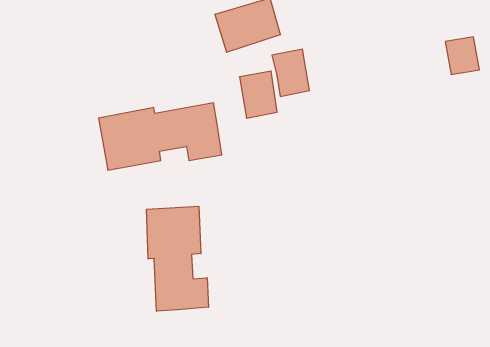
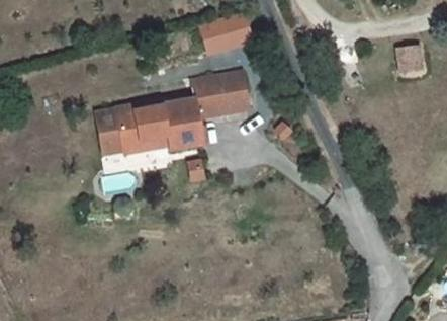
building: [272,49,310,96] -> [193,77,226,117]
building: [147,206,208,311] -> none

